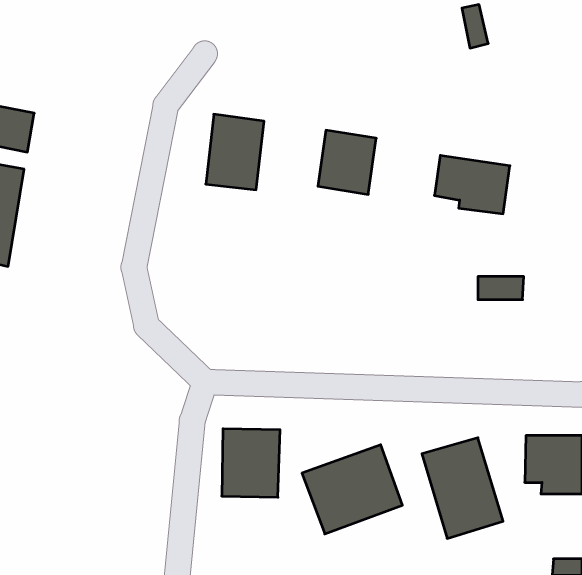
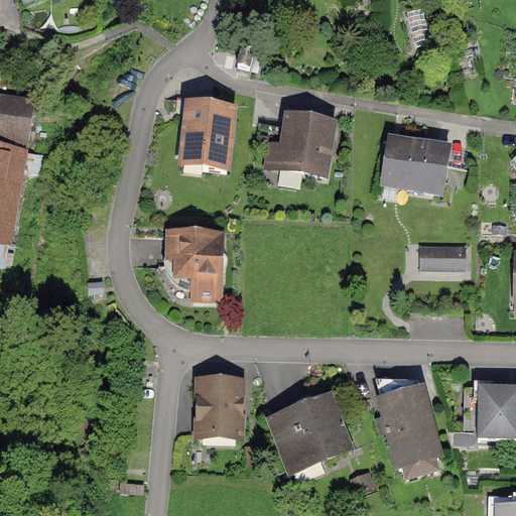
building: none -> [174,228,226,297]

